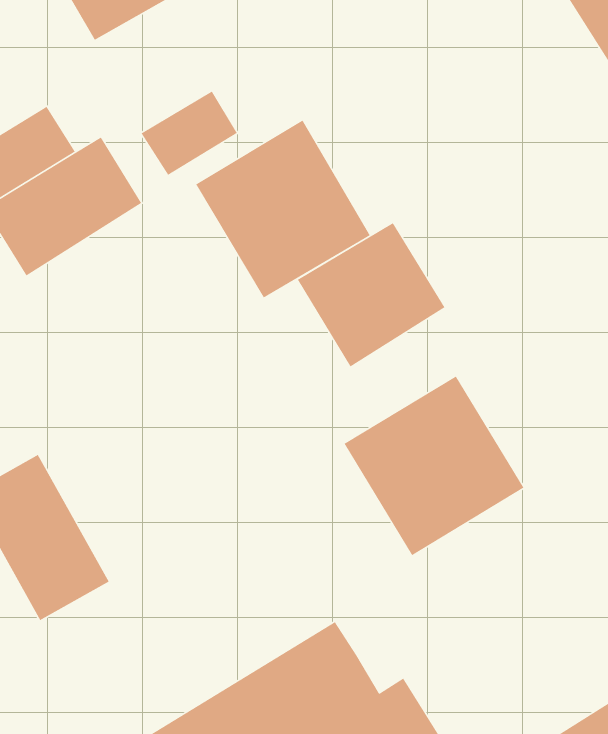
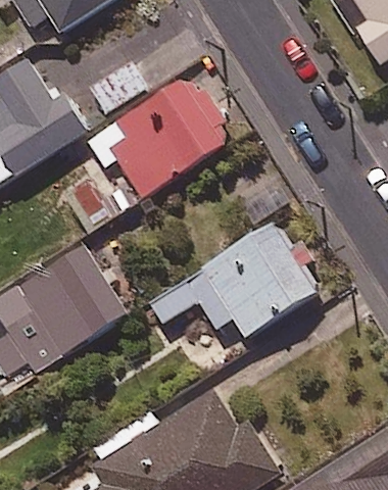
building: [297,222,445,368] -> none
building: none -> [23,246,130,358]

